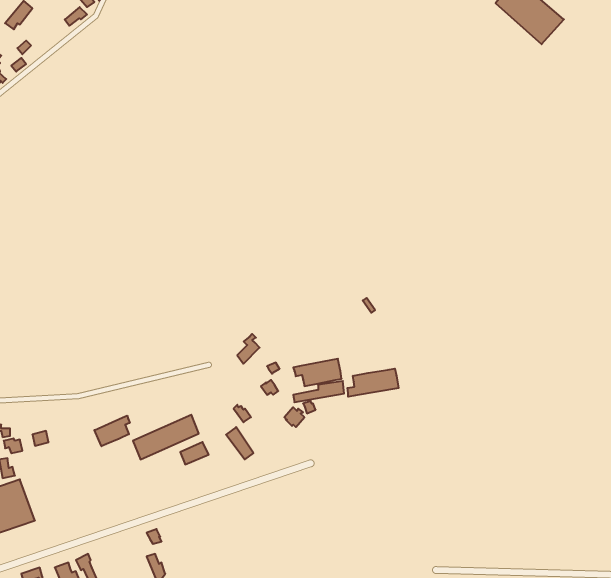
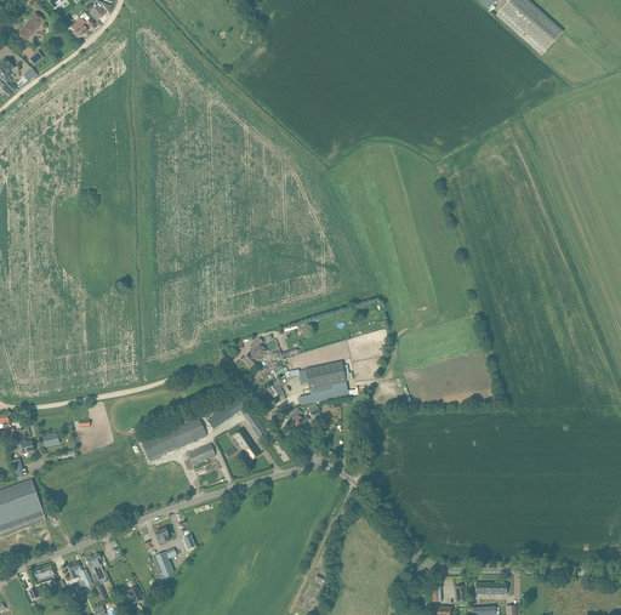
building: [347,369,399,397] -> none
building: [94,416,130,446] -> none

